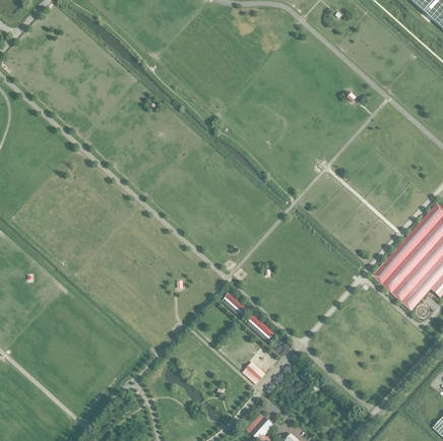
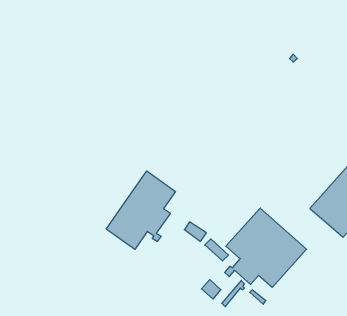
building: none -> [106,171,175,249]
building: none -> [225,208,307,287]

